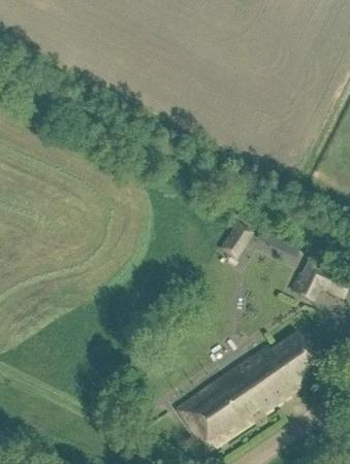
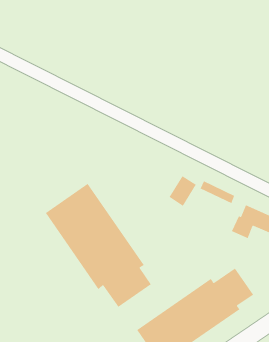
building: none -> [45,183,152,308]

